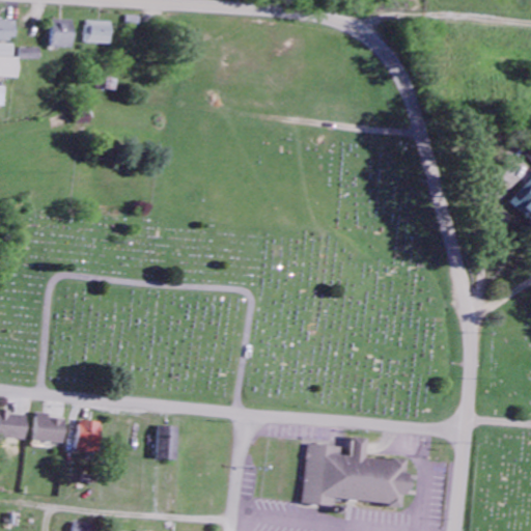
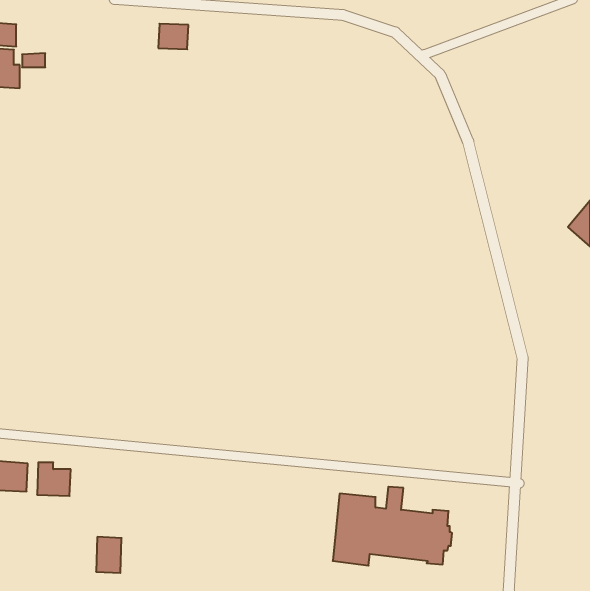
building: [51,20,74,49] -> none
building: [85,22,112,45] -> [158,24,188,49]
building: [76,421,99,453] -> [96,537,122,573]
building: [157,427,178,462] -> none

